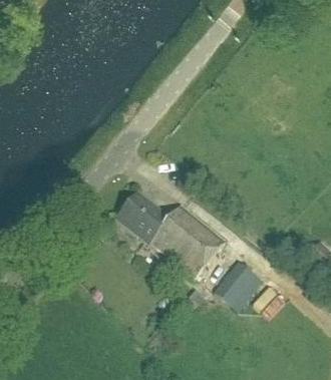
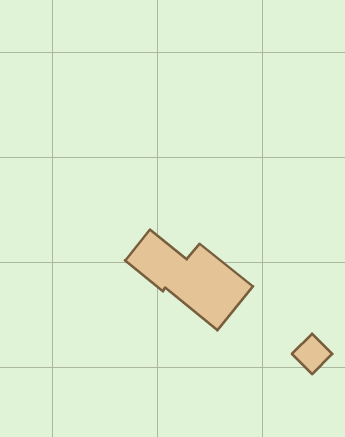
building: [213,264,256,309] -> none

